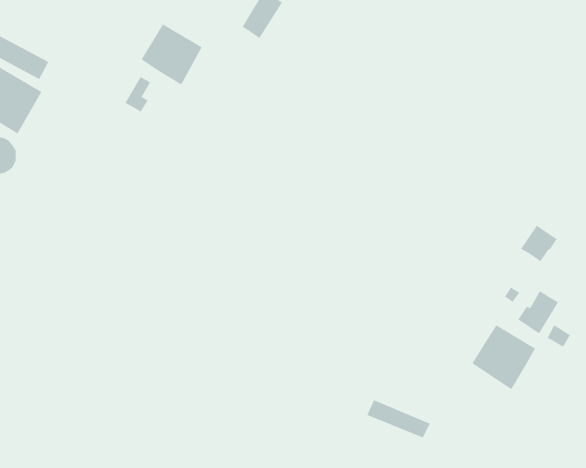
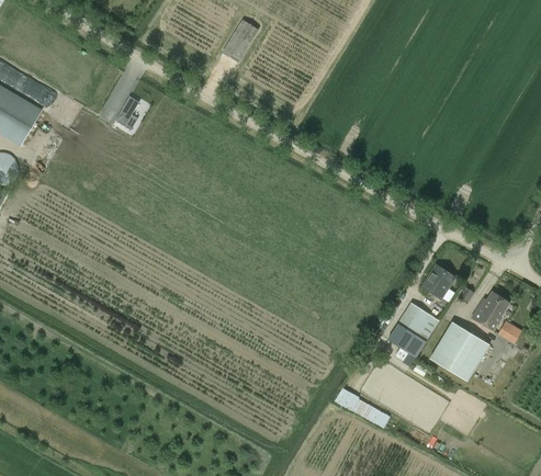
building: [141,24,203,85] -> none
building: [520,224,558,262] -> [421,264,455,298]
building: none -> [387,302,440,358]

